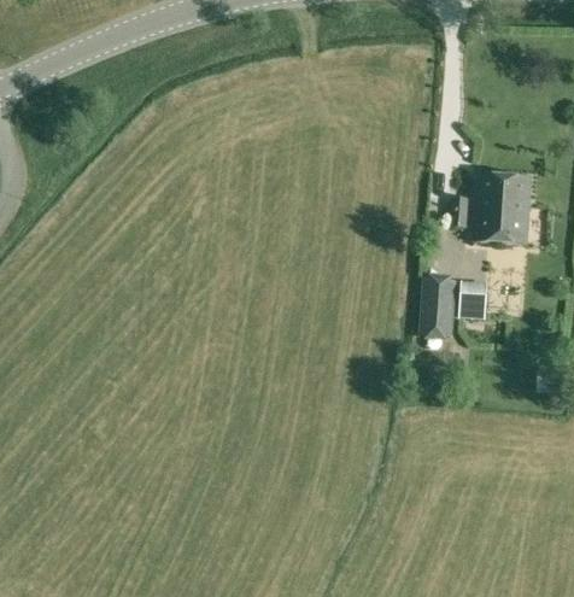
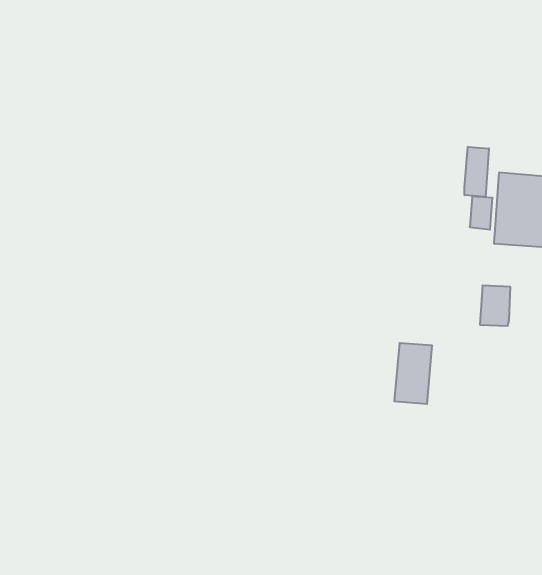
building: none -> [464,147,489,197]
building: [418,277,455,335] -> [394,343,432,404]

